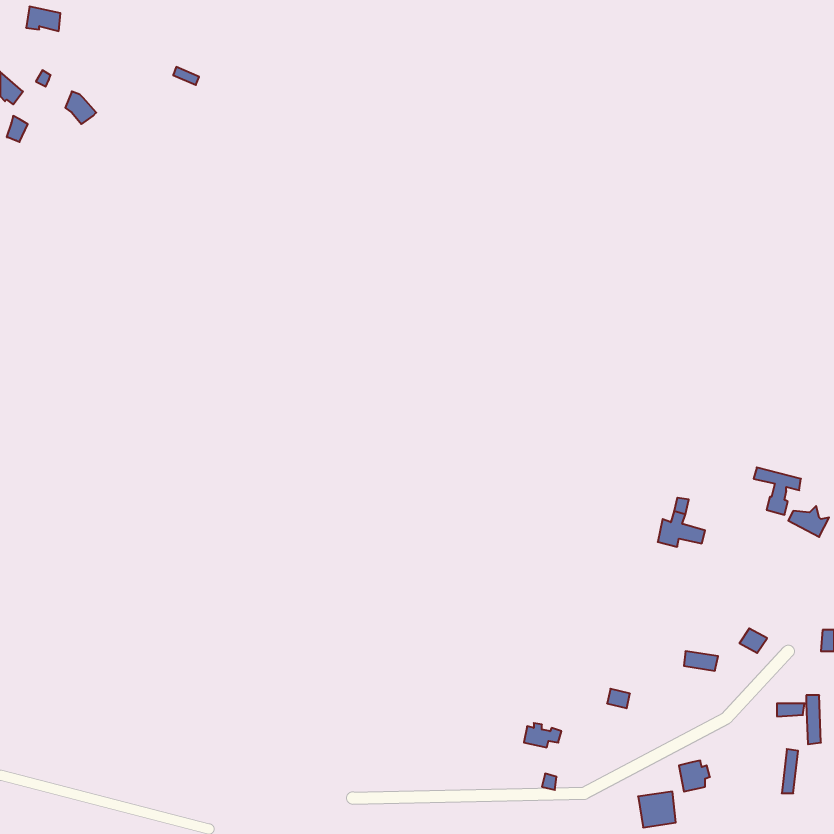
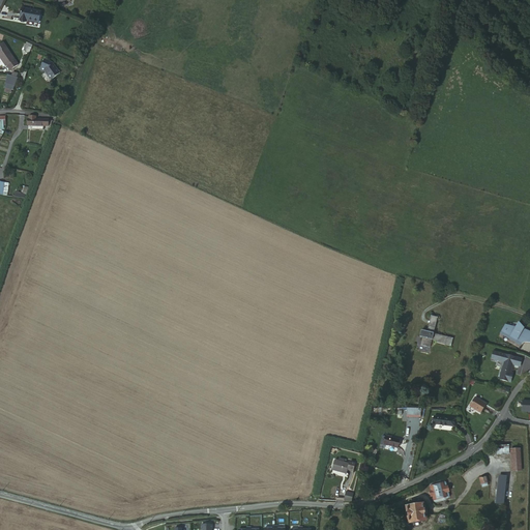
building: [754,467,801,515] -> [491,351,521,381]

